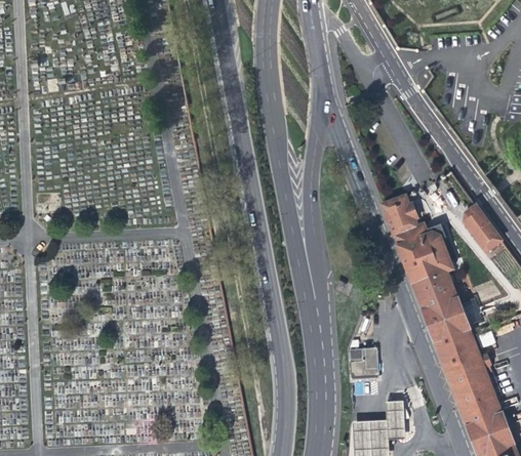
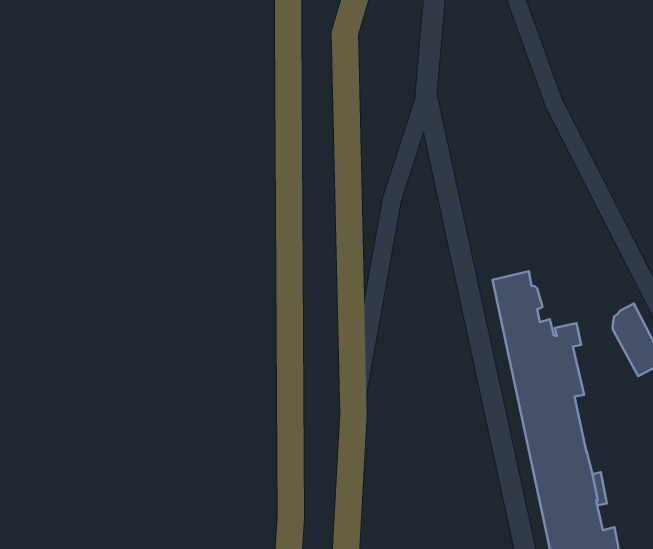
building: [349,348,377,376] -> none

